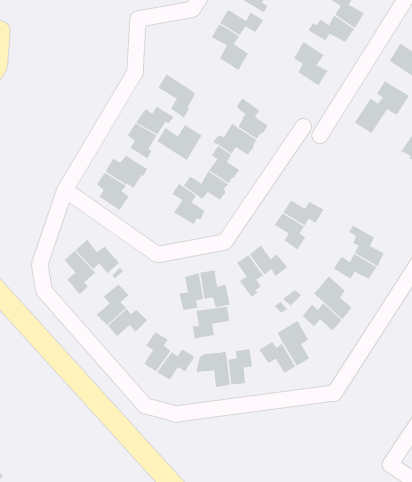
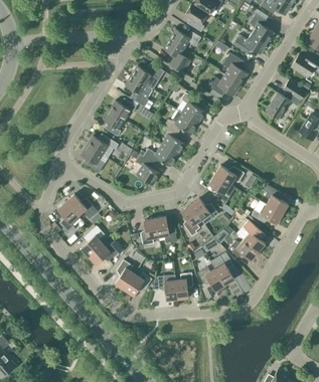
building: none -> [208,74,241,100]
building: [156,124,203,161] -> [131,63,164,89]
building: [192,306,230,339] -> none

